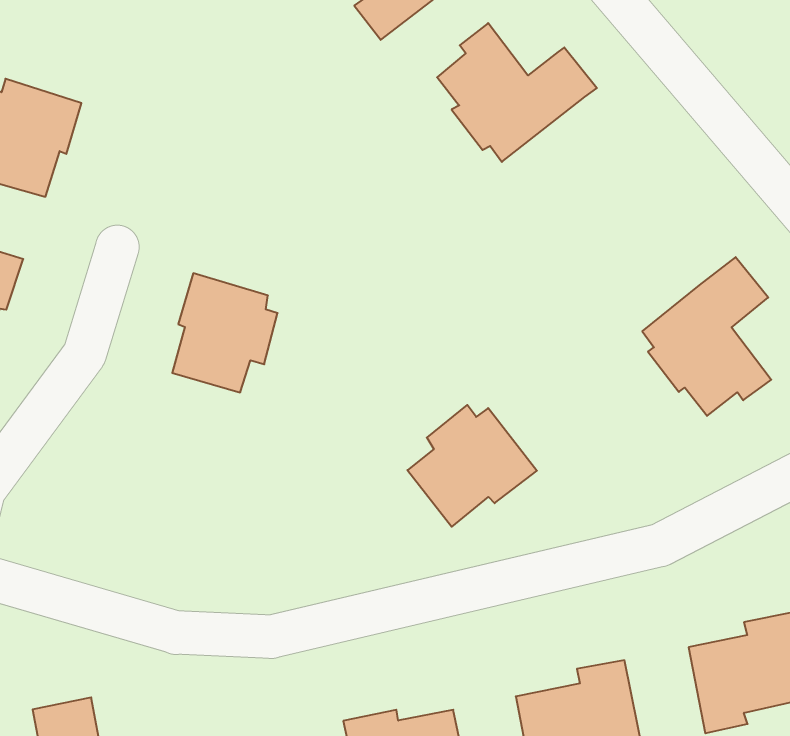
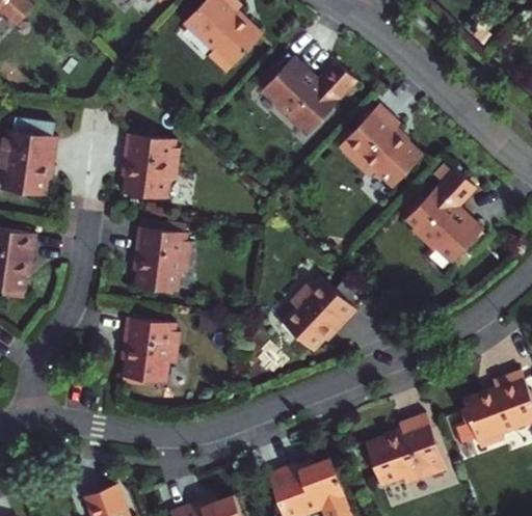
building: none -> [122,133,180,198]
building: none -> [338,104,423,187]
building: none -> [122,317,180,384]

